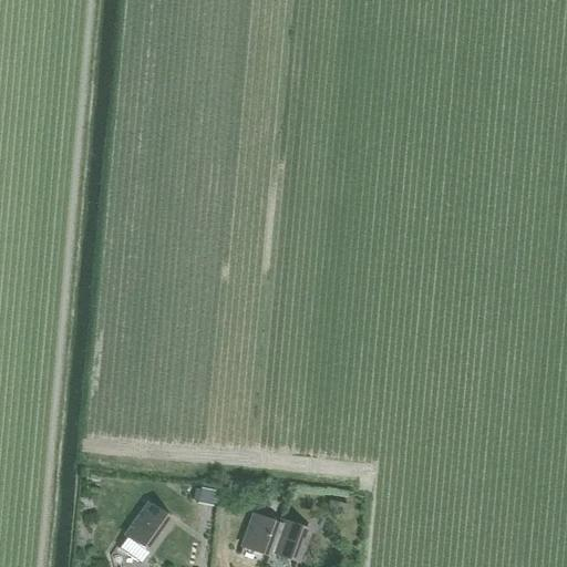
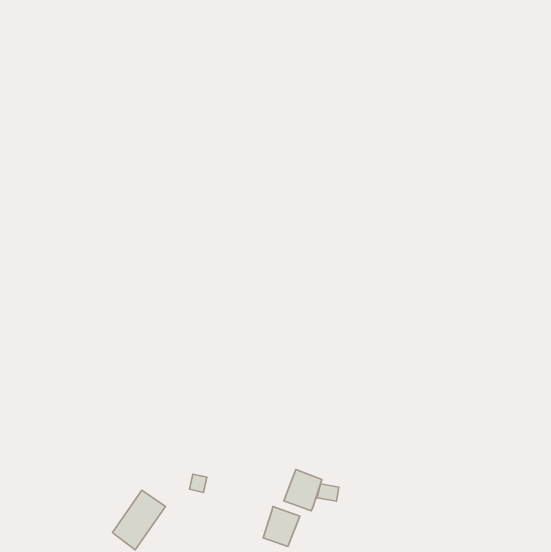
building: [241,513,280,555] -> [284,470,322,511]

